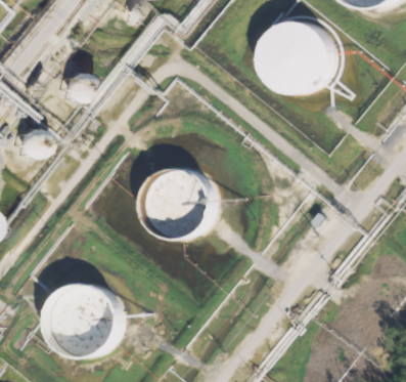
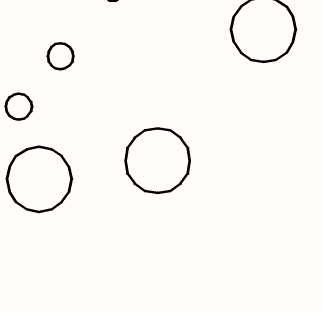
building: [51,283,124,355] -> [7,147,72,212]

